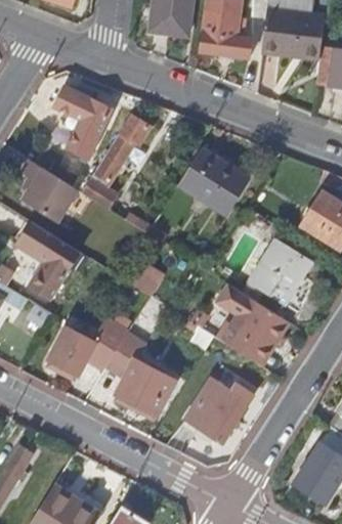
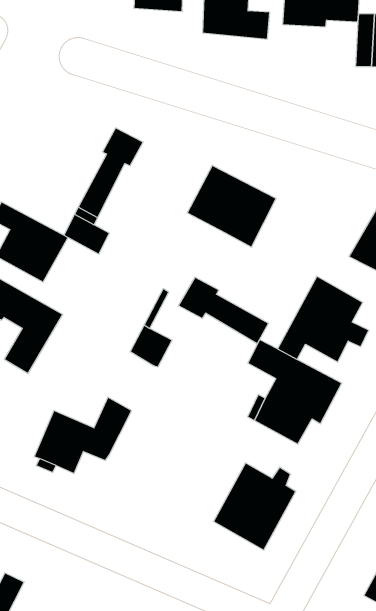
building: [53,86,110,158] -> none
building: none -> [179,277,268,344]
building: [106,333,174,416] -> none

